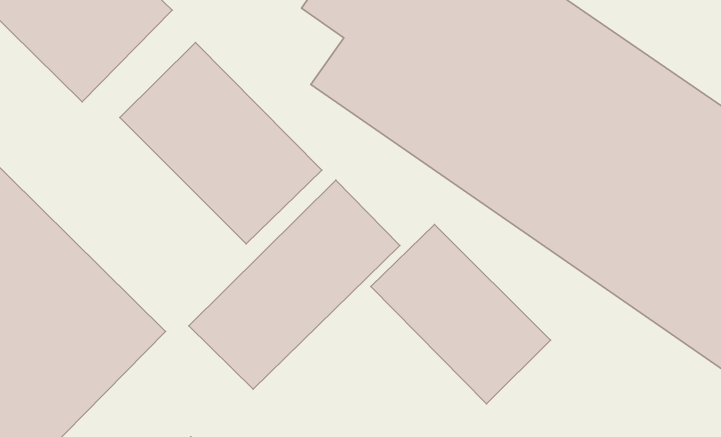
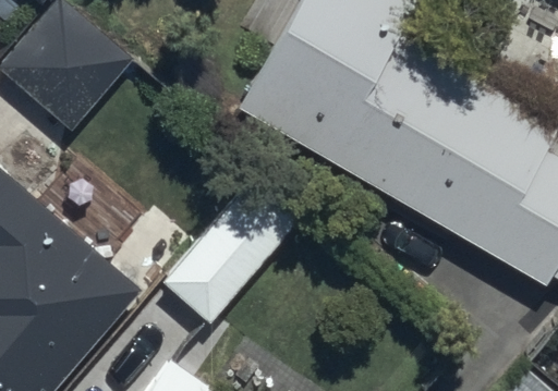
building: [120,42,322,244] -> none
building: [371,224,550,404] -> none

